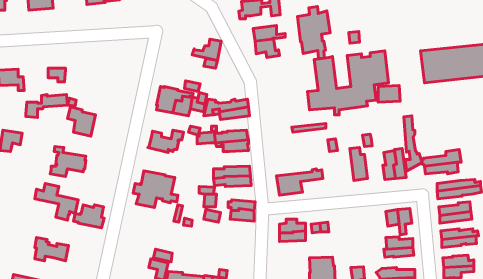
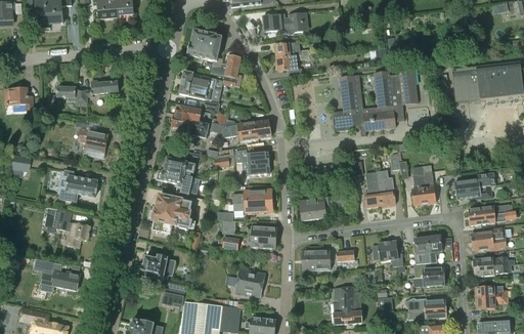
building: [297,6,330,59] -> none
building: none -> [187,27,223,68]
building: none -> [179,71,216,99]
building: [26,94,68,118] -> [75,80,119,105]
building: [404,116,422,171] -> none
building: none -> [157,169,192,194]
building: none -> [363,171,381,207]
building: [73,205,104,228] -> [135,255,168,280]
building: none -> [372,240,403,265]
building: none -> [234,267,265,296]

